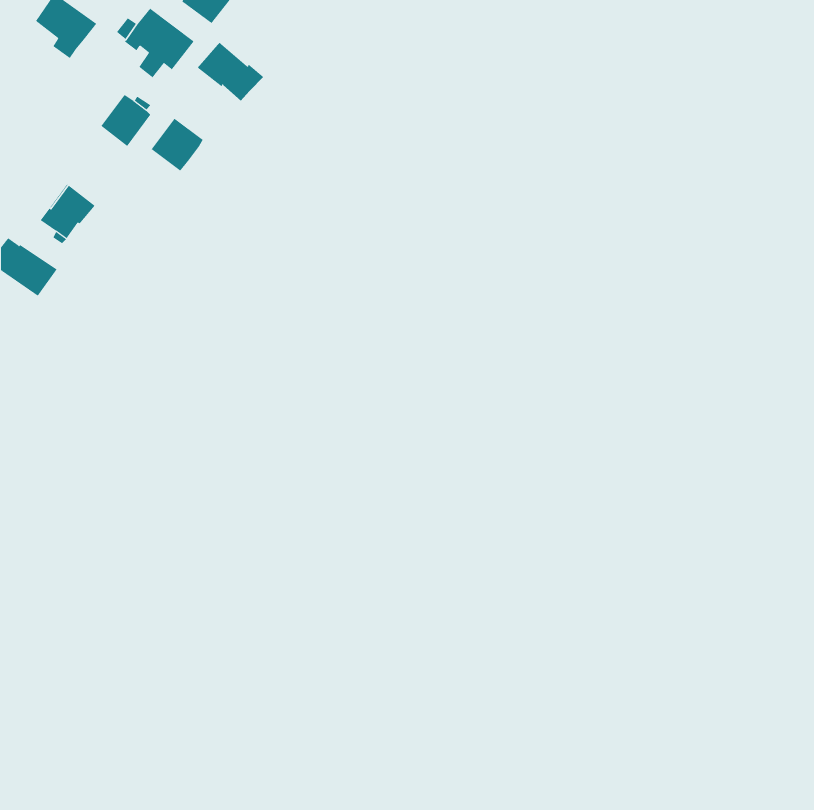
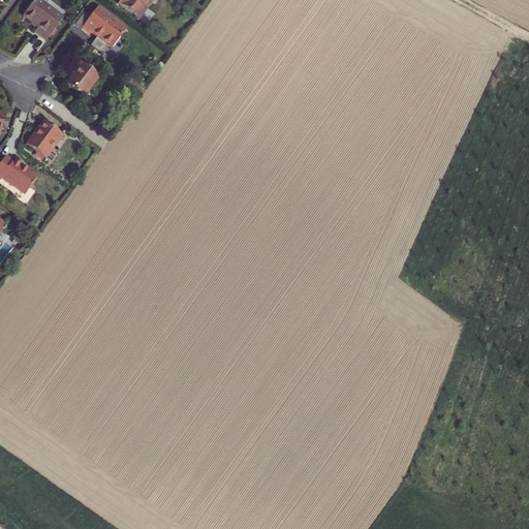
building: [197,42,264,101] -> none
building: [151,118,204,171] -> none

